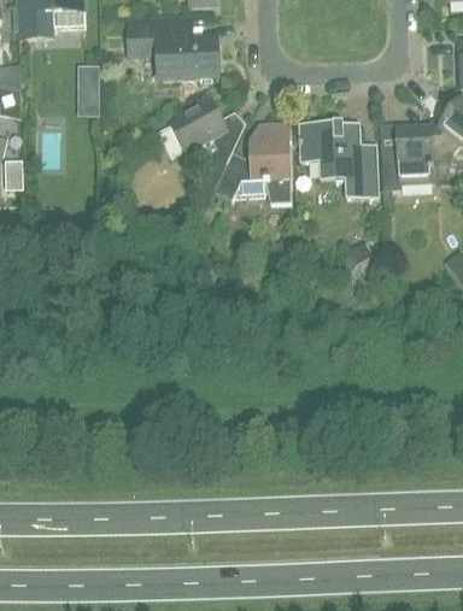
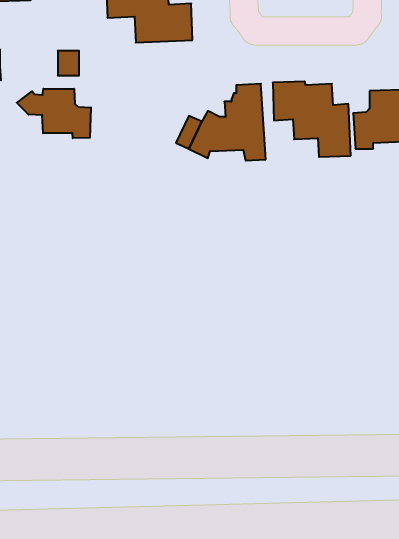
building: [169,100,228,151] -> none
building: none -> [17,89,91,138]

